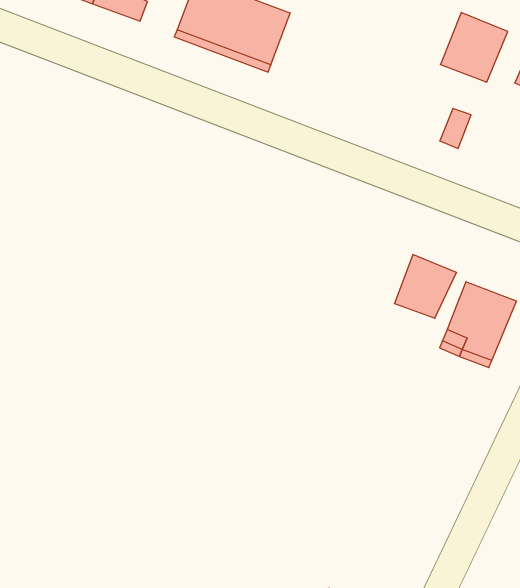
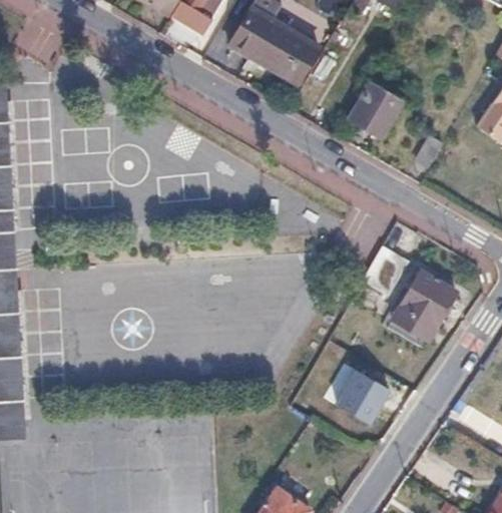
building: [440,13,508,82] -> [347,81,402,137]
building: none -> [337,370,390,423]

